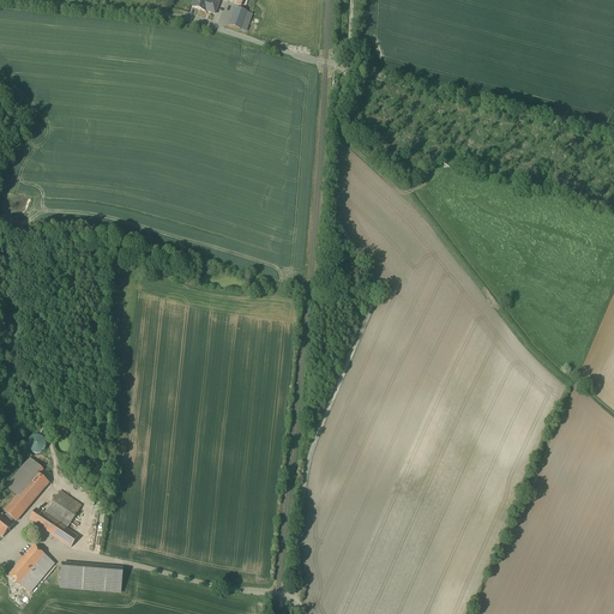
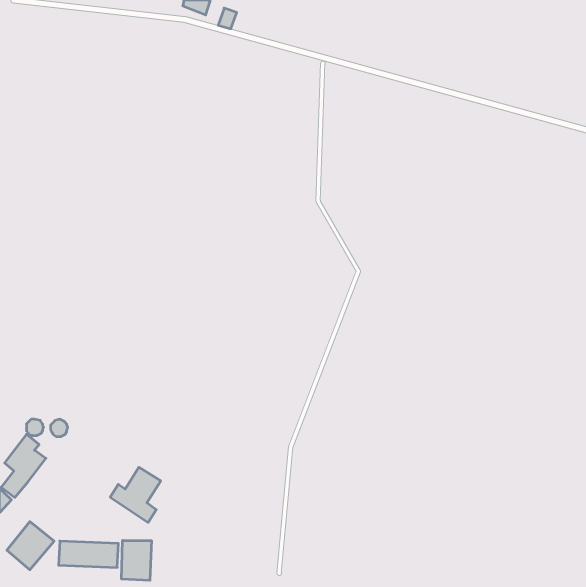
building: [28,487,80,544] -> [110,467,161,522]
building: none -> [122,540,151,580]

